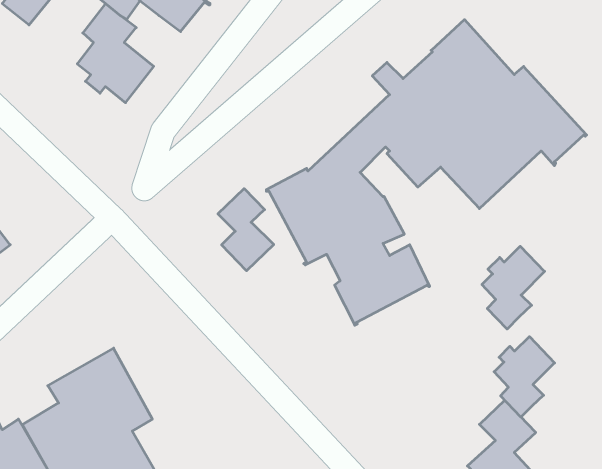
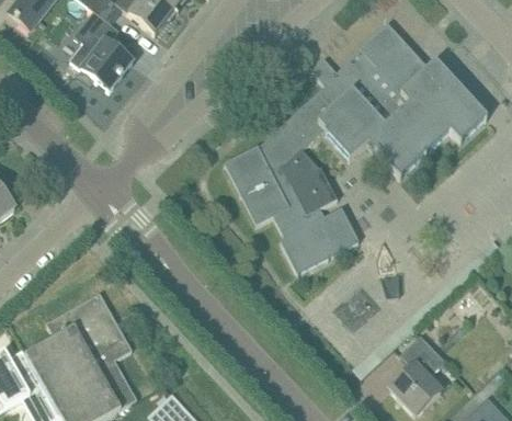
building: [218,189,274,271] -> none
building: [482,246,545,329] -> none
building: [494,337,555,417] -> none

